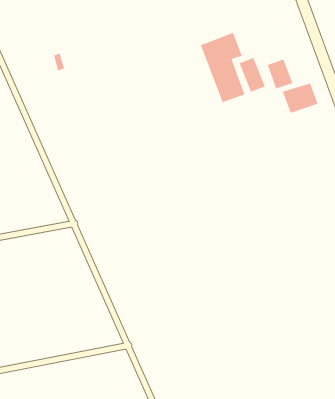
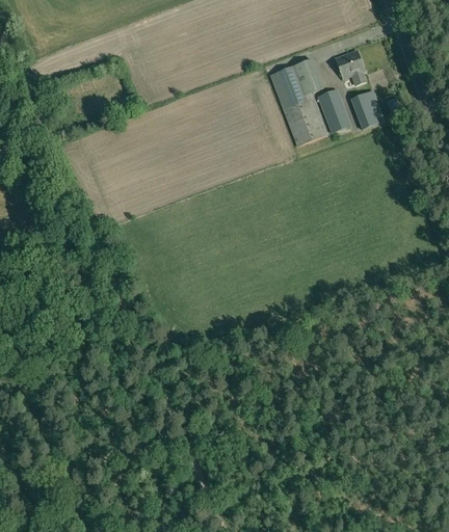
building: none -> [335,50,365,85]
building: [282,82,318,114] -> none

